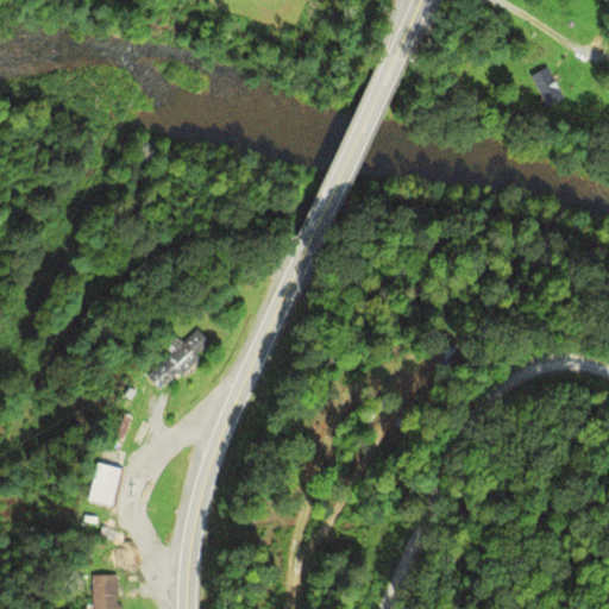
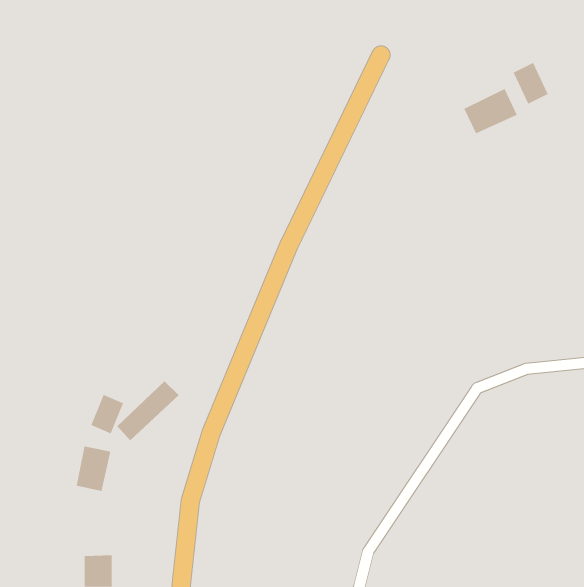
building: none -> [463,88,517,134]
building: [147,329,213,393] -> [116,380,180,441]

